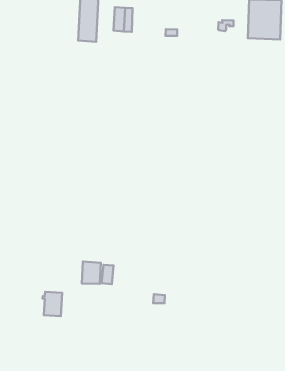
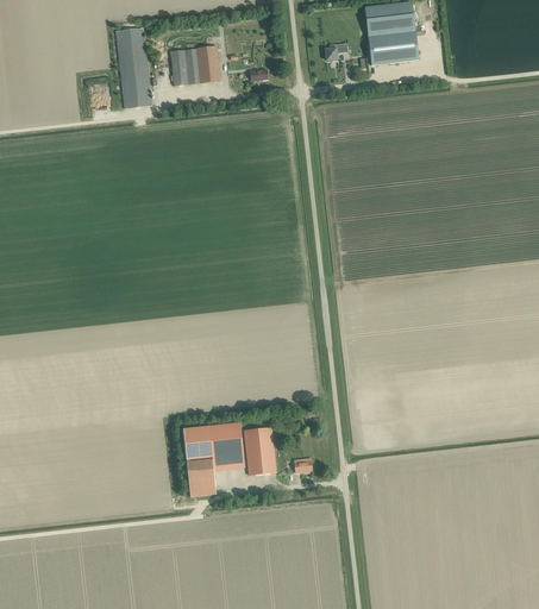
building: none -> [196,45,220,82]
building: none -> [244,426,276,473]
building: [42,292,62,316] -> [184,458,215,495]

